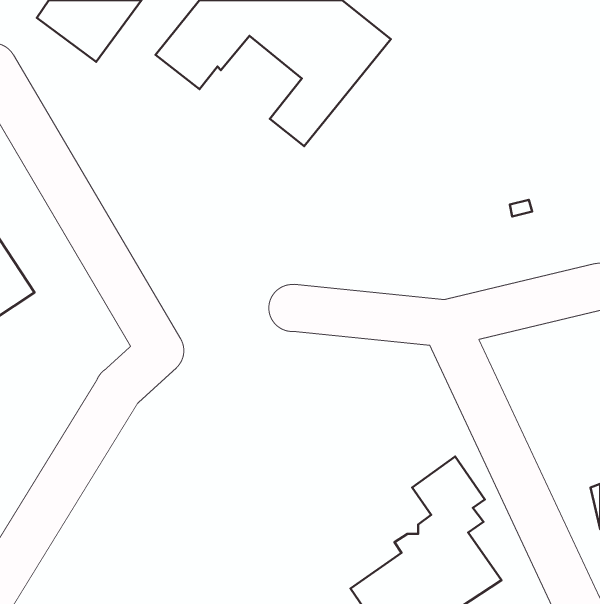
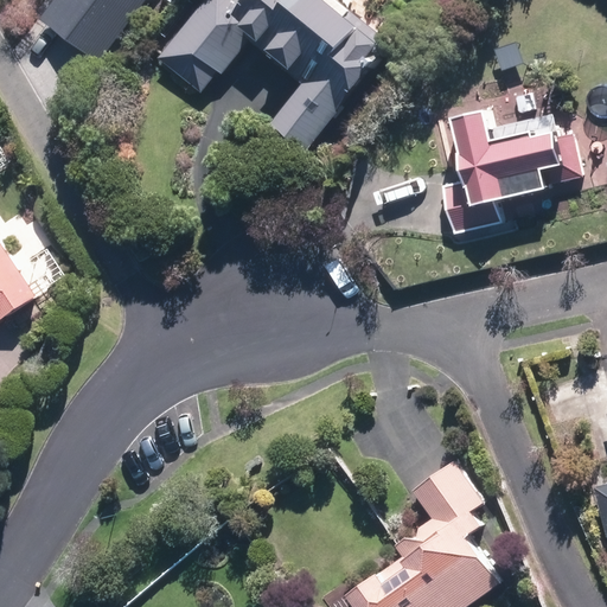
building: none -> [442,106,582,235]

